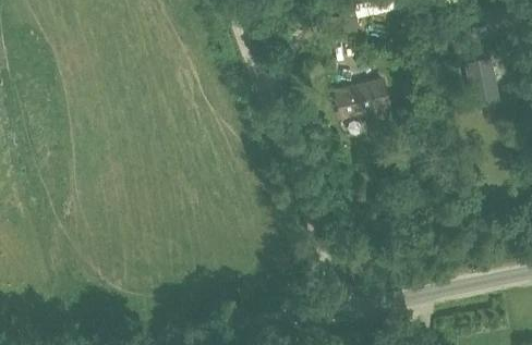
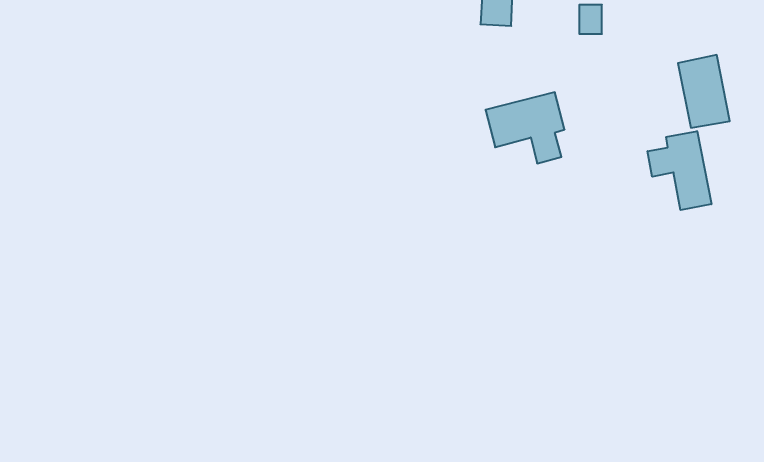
building: none -> [648,131,711,210]

